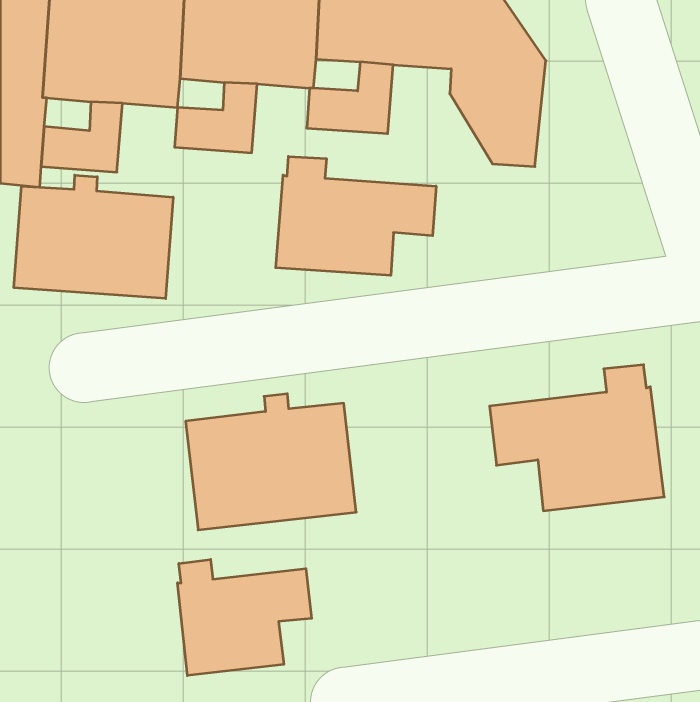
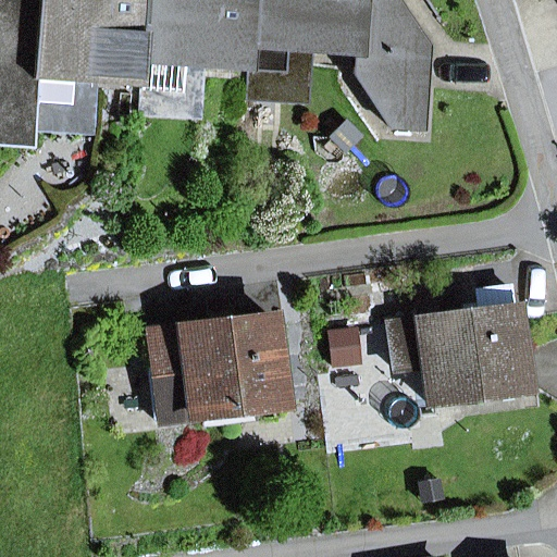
building: [276,156,436,275] -> none
building: [14,175,173,299] -> none
building: [178,559,312,676] -> none

